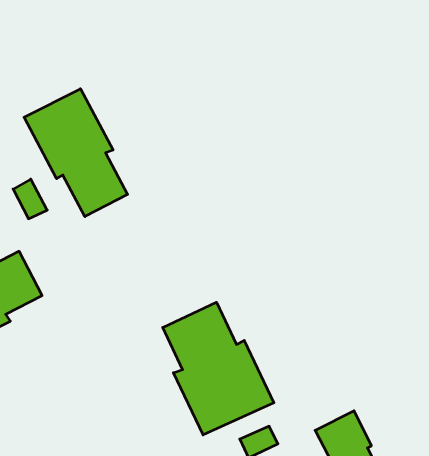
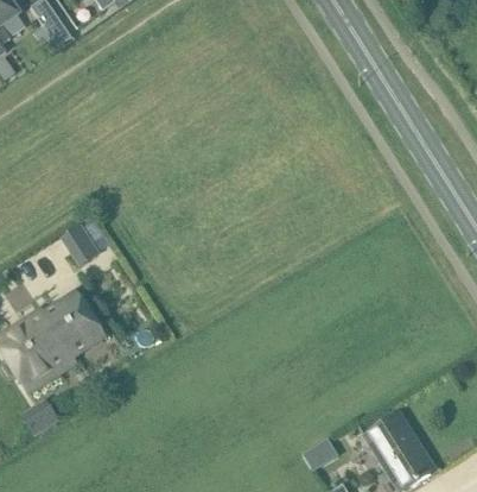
building: [24,89,128,217] -> none
building: [163,302,274,435] -> none

